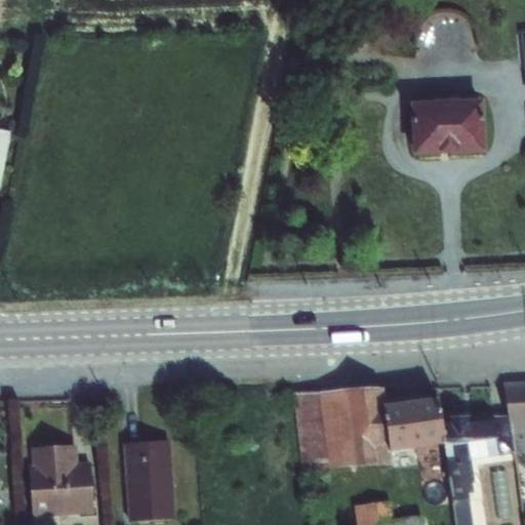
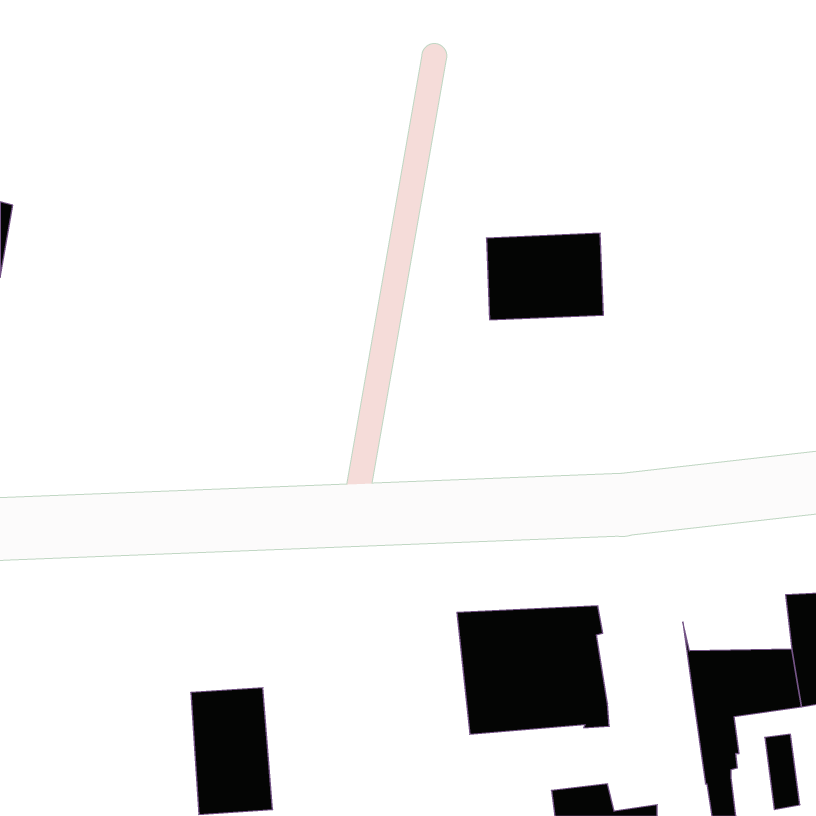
building: [411,99,486,155] -> [486,233,603,320]
building: [383,398,445,450] -> none
building: [30,445,94,516] -> none

